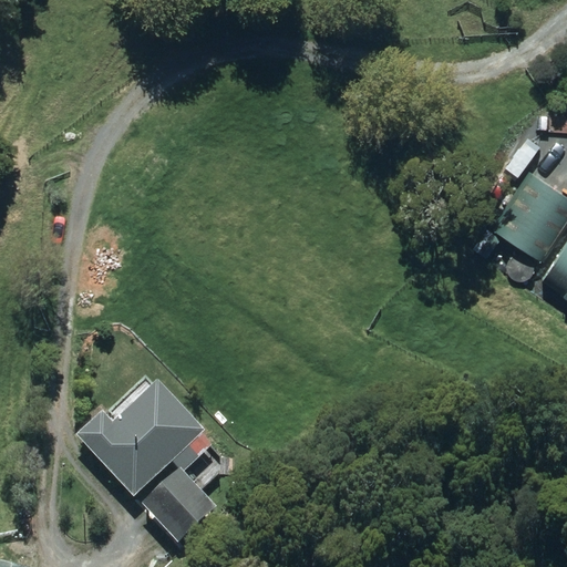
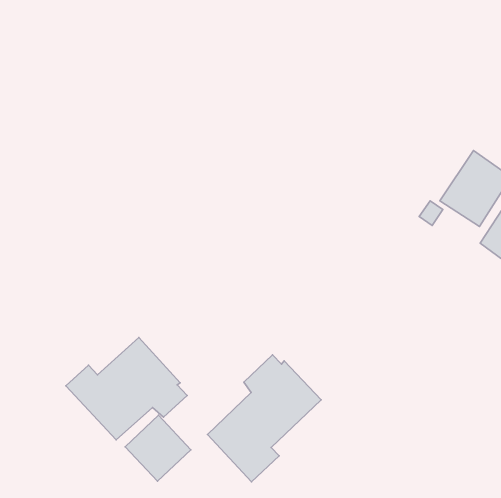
building: none -> [208,355,321,482]

